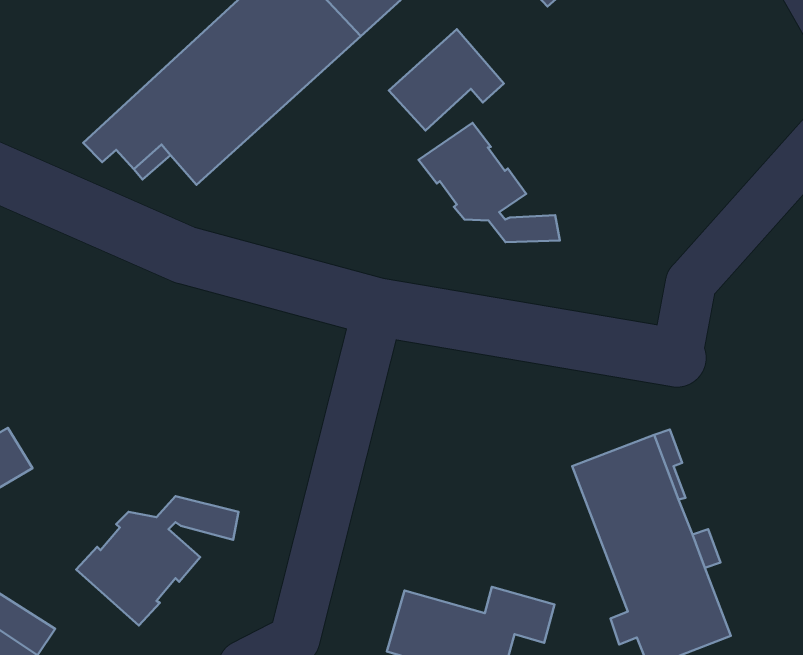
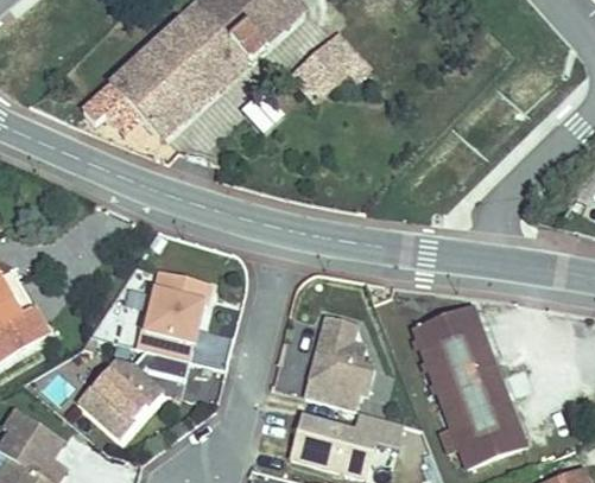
building: [418,123,560,242] -> none
building: none -> [134,271,210,360]
building: none -> [304,316,374,409]

